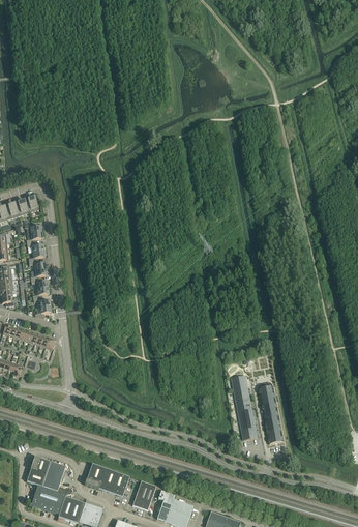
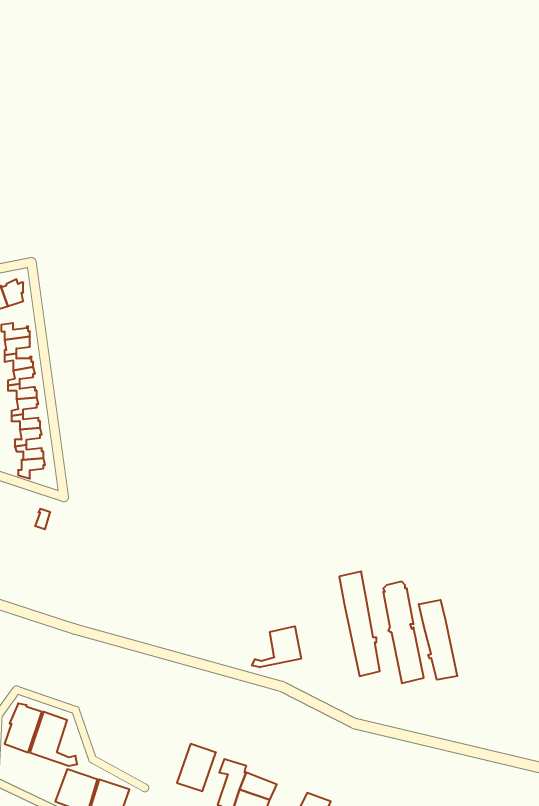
building: none -> [419,600,457,680]
building: none -> [252,626,301,667]
building: [84,463,129,496] -> none
building: [29,485,65,514] -> none

